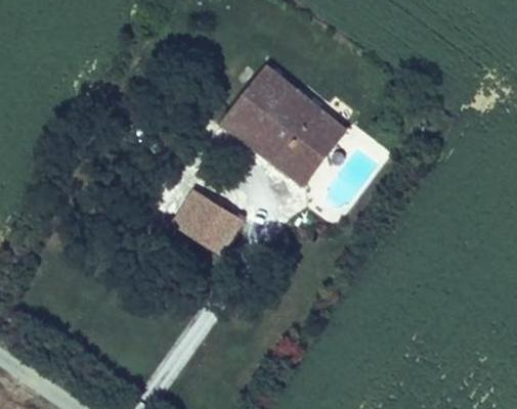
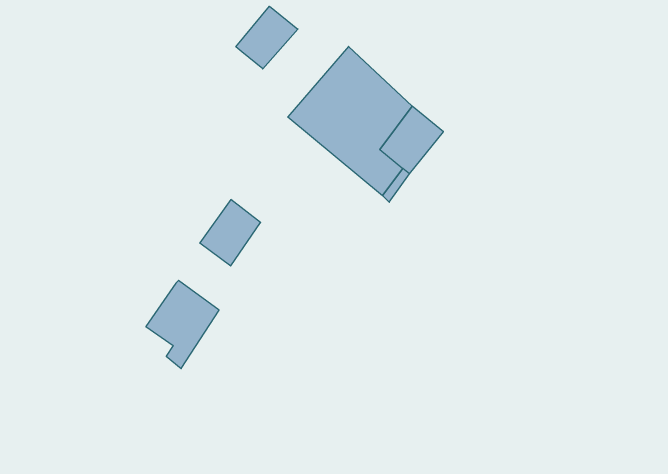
building: none -> [236,6,298,69]
building: [184,198,240,265] -> [146,280,219,369]

